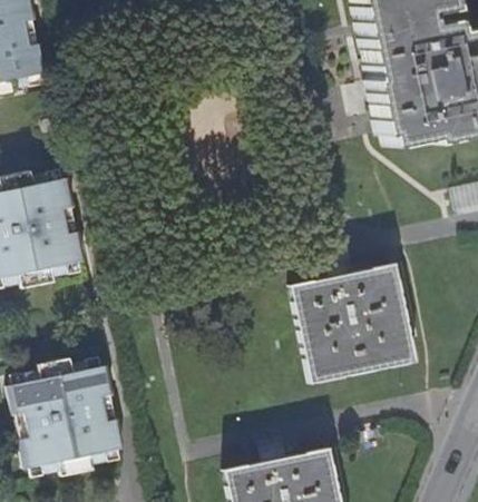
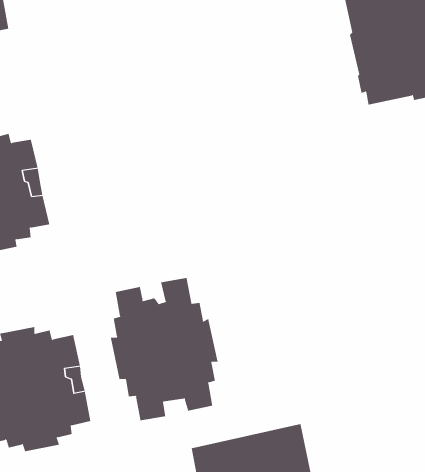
building: [290,264,417,384] -> none
building: none -> [110,277,218,421]

